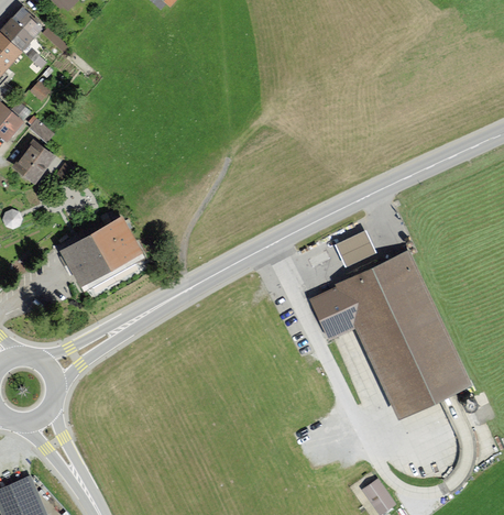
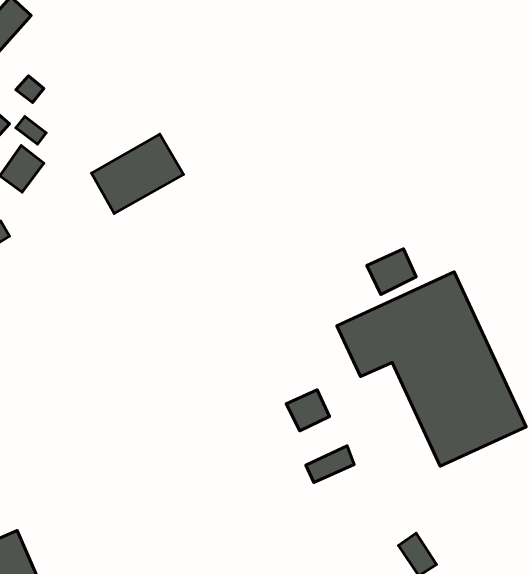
building: [62,218,142,287] -> [91,134,184,214]
building: none -> [286,390,330,431]
building: none -> [306,446,354,483]

